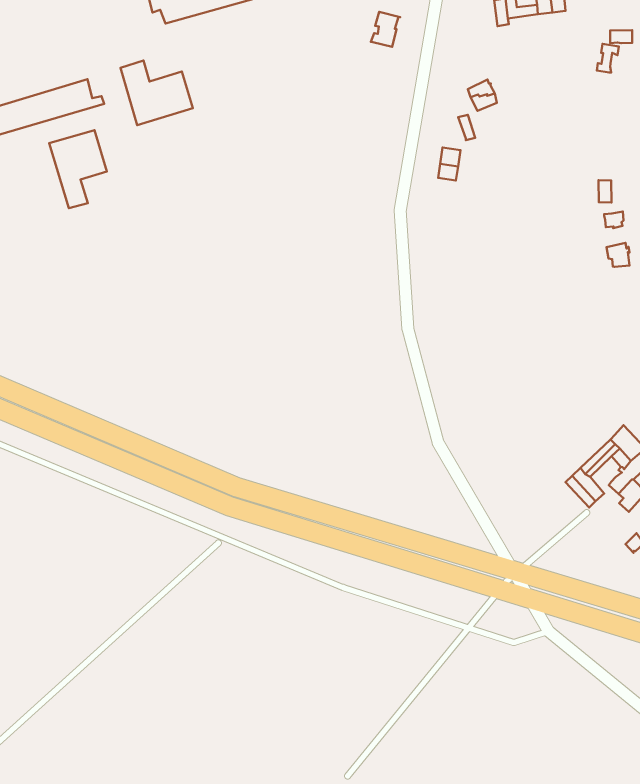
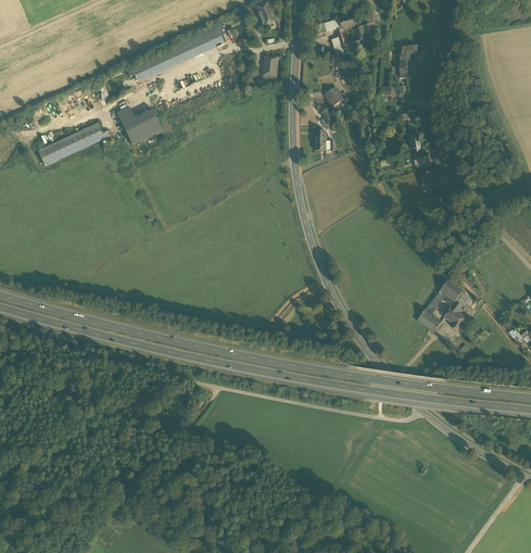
building: [49,130,107,208] -> none

